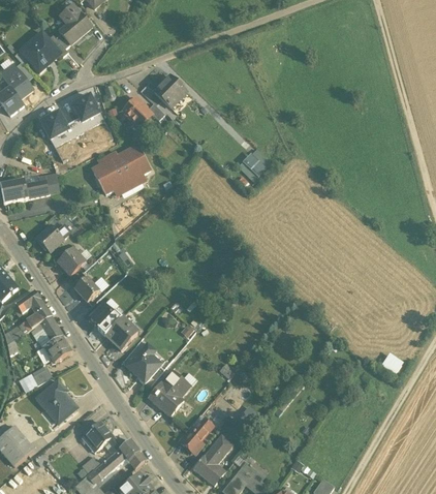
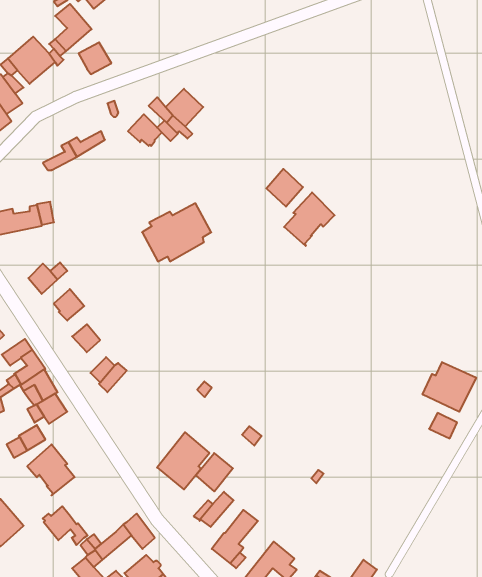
building: [71,95,99,122] -> [79,42,111,74]
building: [40,112,68,140] -> none
building: [91,145,150,194] -> [142,203,211,261]
building: none -> [284,192,335,246]
building: none -> [423,362,476,412]
building: [104,316,137,349] -> none
building: [126,343,159,382] -> none
building: none -> [196,453,233,491]
building: [83,421,121,454] -> [43,506,88,545]

